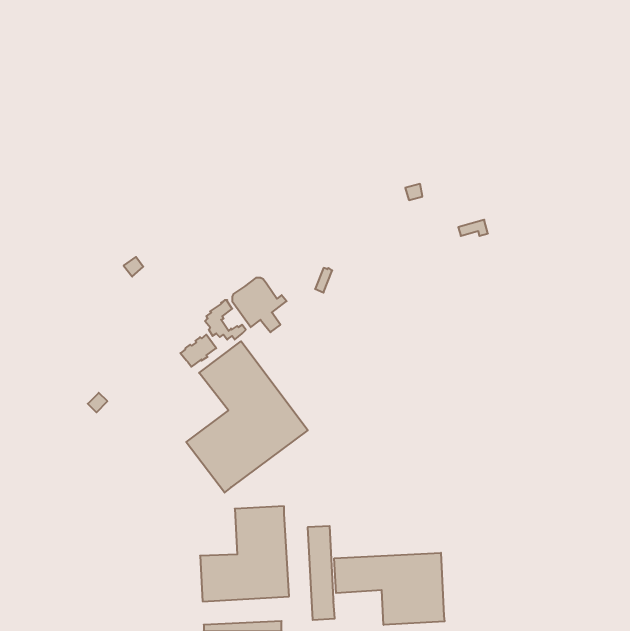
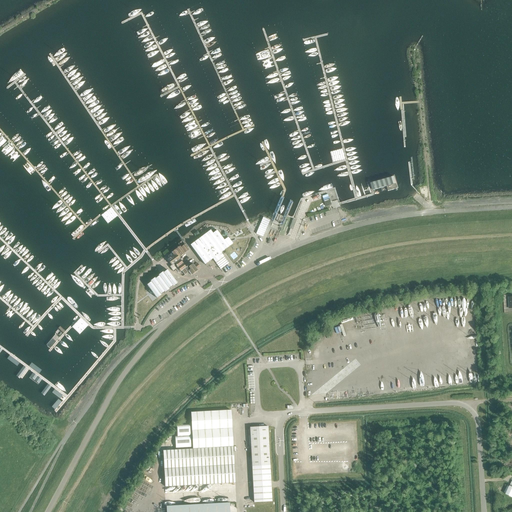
building: [186,341,308,493] -> none
building: [334,553,445,625] -> none

